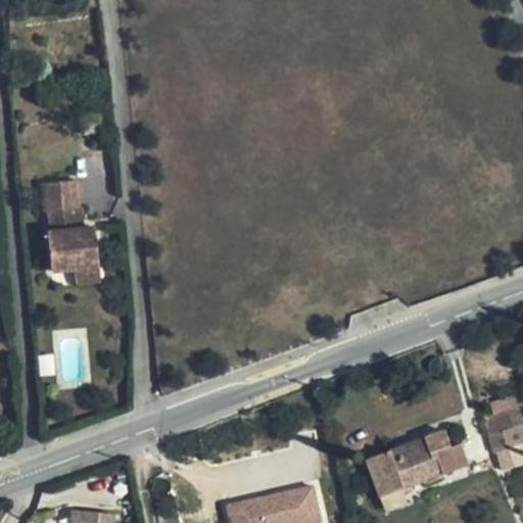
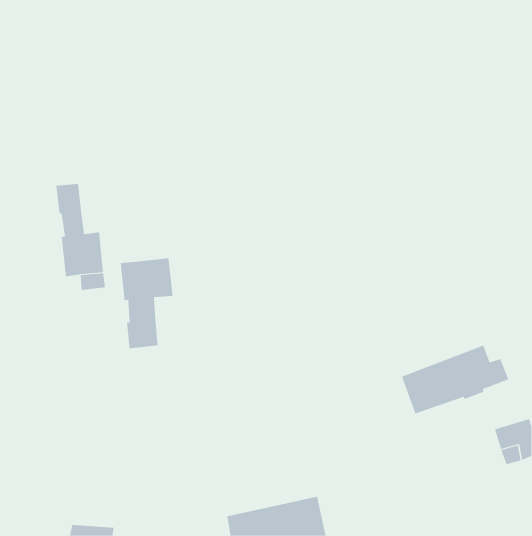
building: none -> [120,257,173,349]
building: [363,431,468,498] -> [401,345,509,414]

